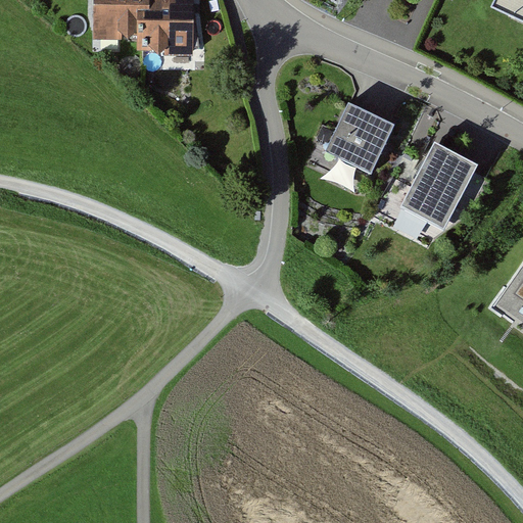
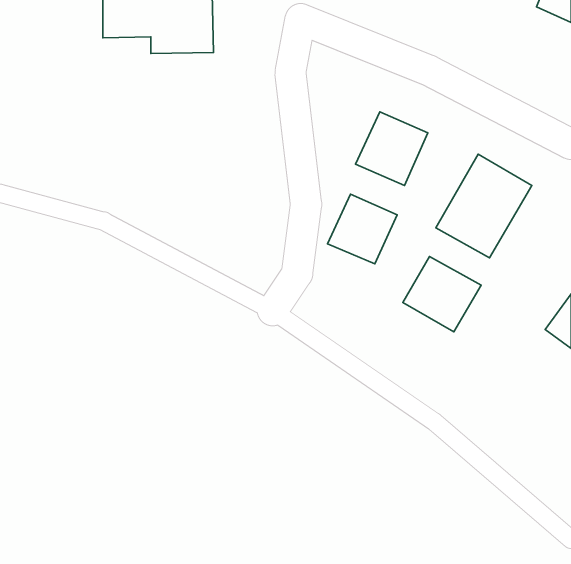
building: none -> [328,194,397,264]
building: none -> [403,257,481,332]

